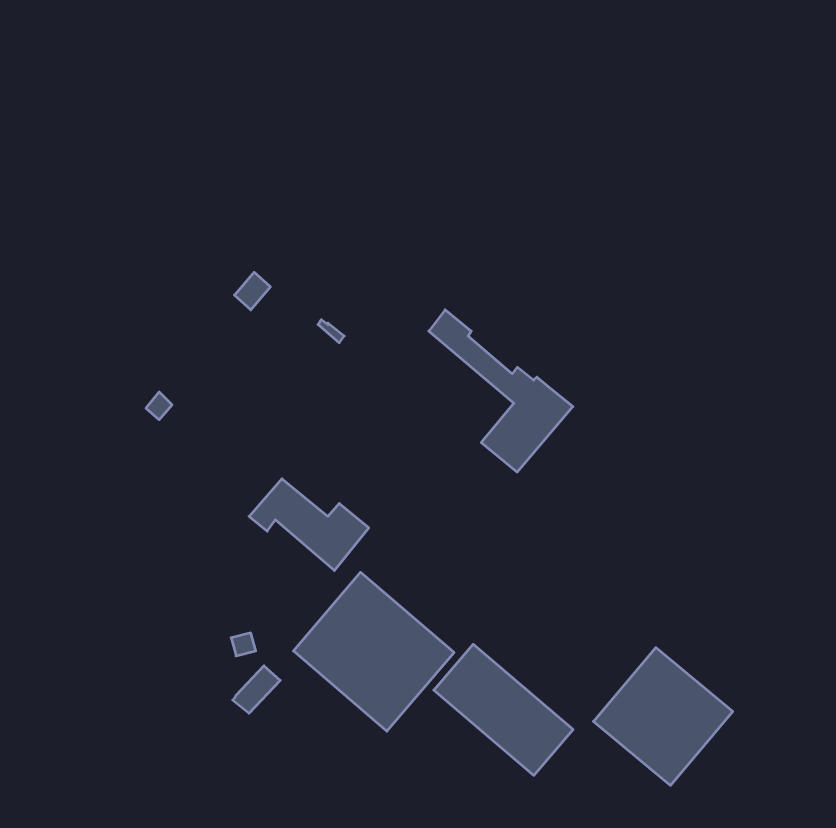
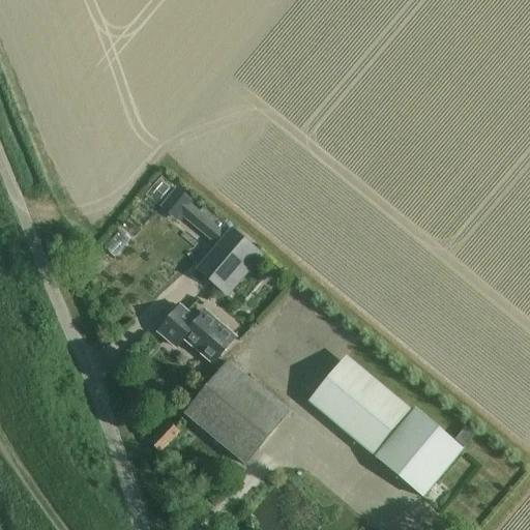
building: [429,310,573,472] -> [163,184,254,287]
building: [434,644,573,775] -> [316,361,404,444]

